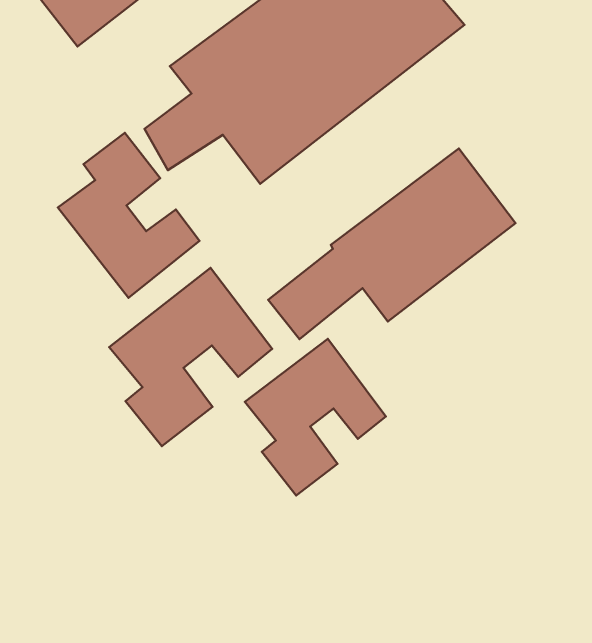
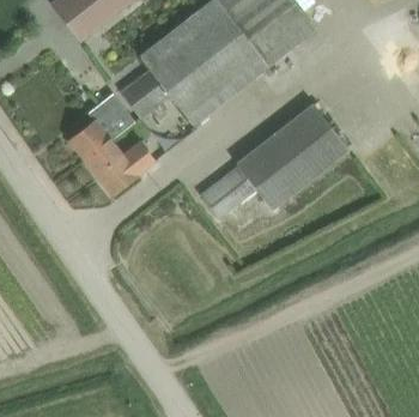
building: [109,268,272,446] -> none
building: [245,339,386,496] -> none

